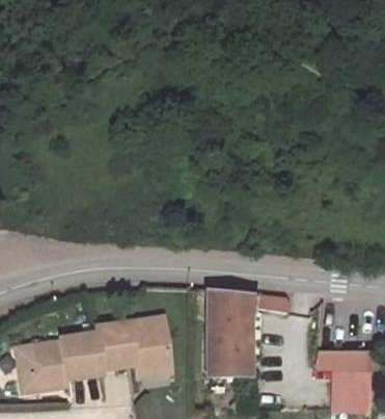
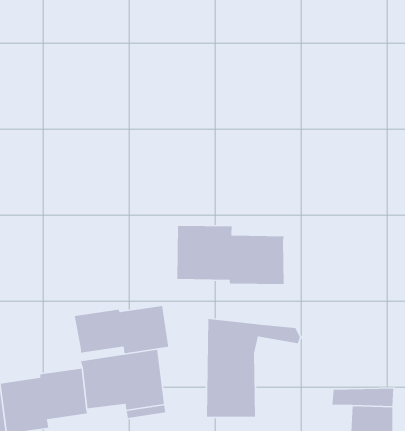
building: none -> [176,225,285,285]
building: none -> [74,305,169,354]

